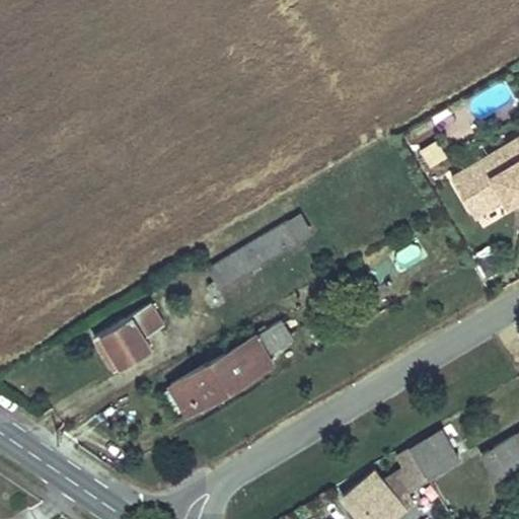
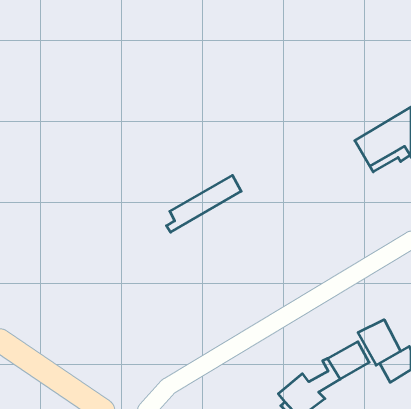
building: [93,303,166,370] -> none
building: [172,320,296,415] -> none
building: none -> [358,320,401,365]

